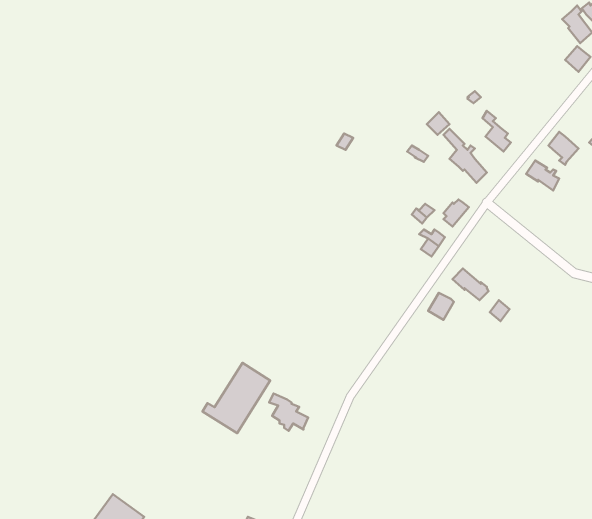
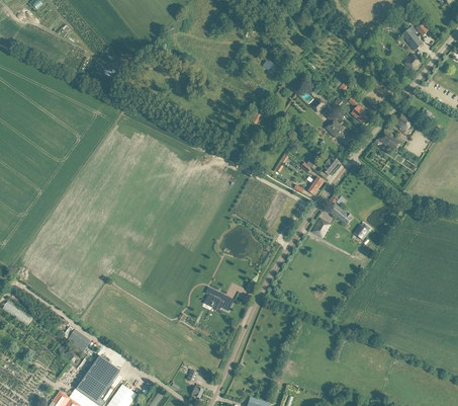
building: [203,363,270,433] -> none

